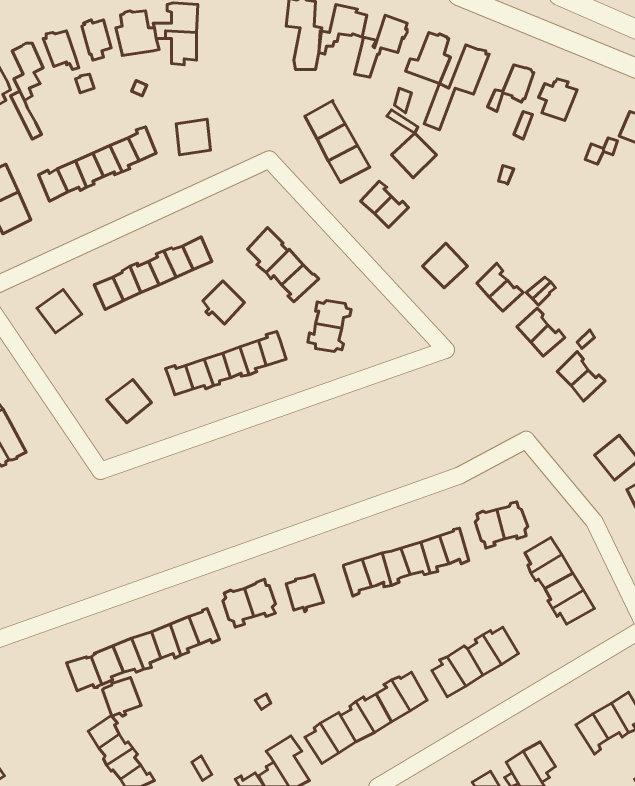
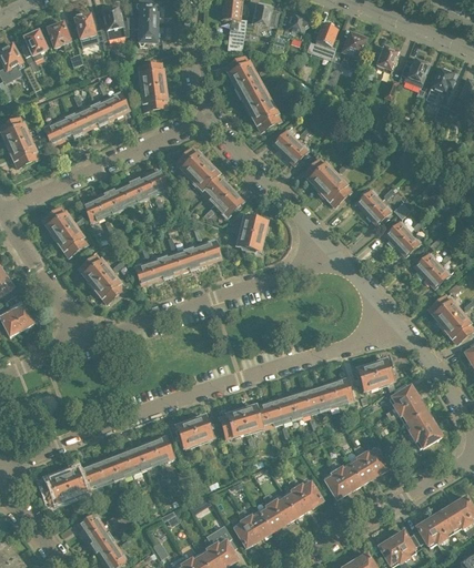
building: none -> [225,57,261,83]
building: none -> [139,63,164,89]
building: none -> [425,68,454,102]
building: [392,133,436,178] -> [303,159,335,191]
building: [203,281,245,324] -> [178,148,208,179]
building: none -> [56,225,87,256]
building: none -> [79,254,111,286]
building: none -> [428,295,460,326]
building: none -> [241,406,269,432]
building: [102,677,141,716] -> [43,475,71,503]
building: none -> [413,519,442,548]

